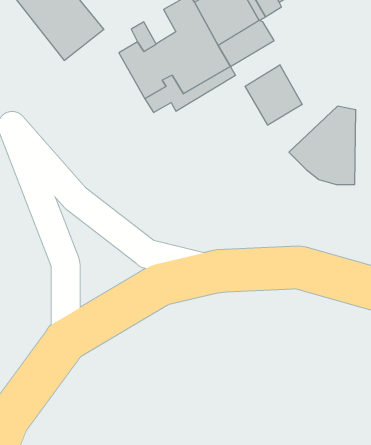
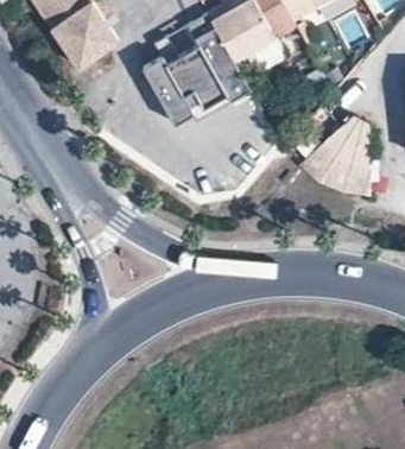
building: [245,65,302,125] -> none

